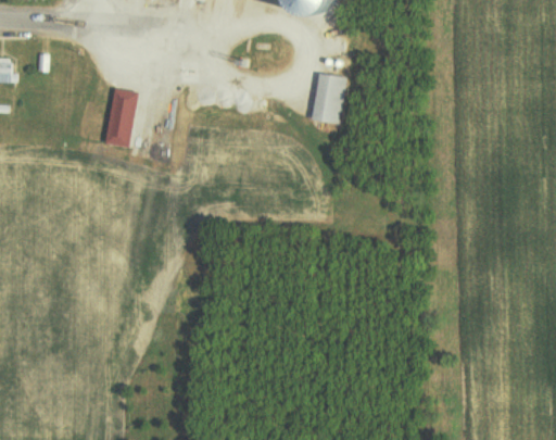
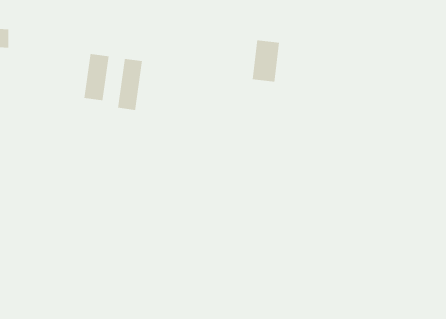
building: none -> [118,58,142,111]

